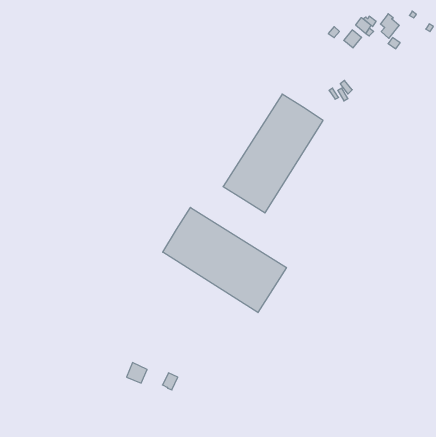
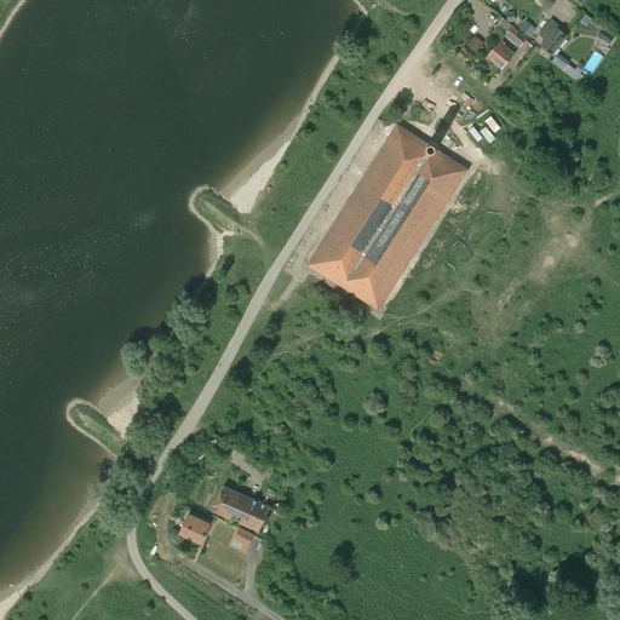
building: [163,207,286,313] -> none
building: none -> [212,486,269,530]

